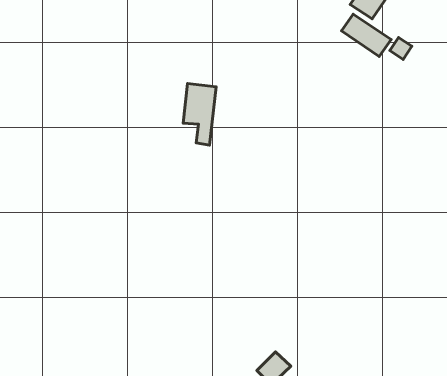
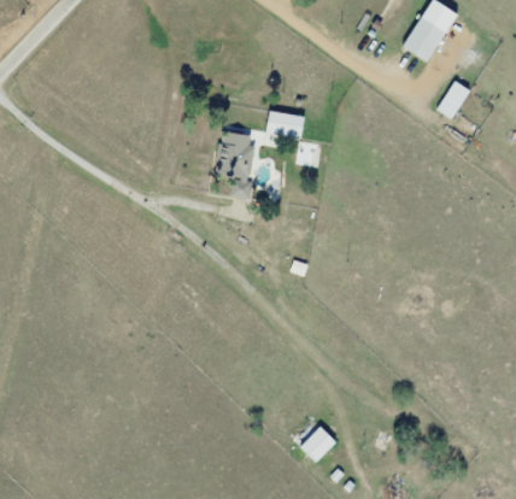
building: [341,14,391,56] -> none
building: none -> [265,110,304,139]

